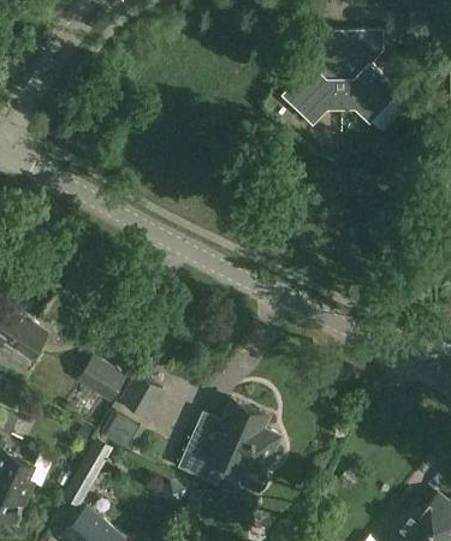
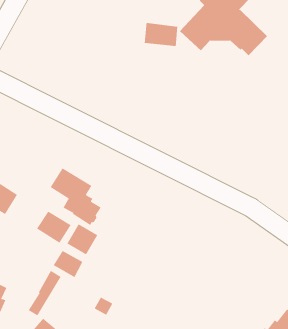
building: none -> [144,22,178,47]
building: none -> [50,168,102,226]
building: [177,402,280,492] -> none

